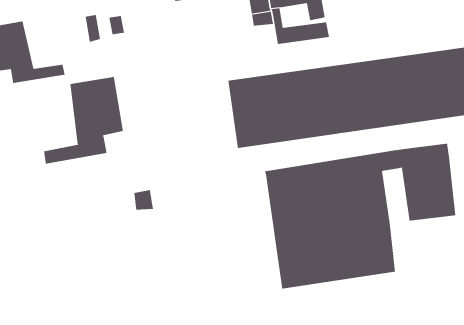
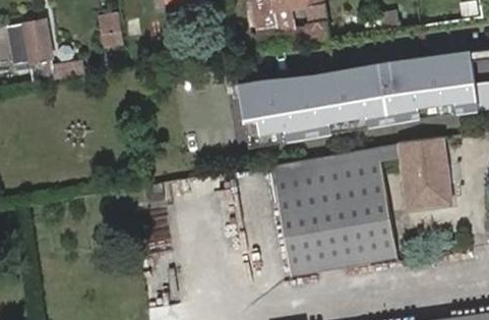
building: [43,76,124,165] -> none

